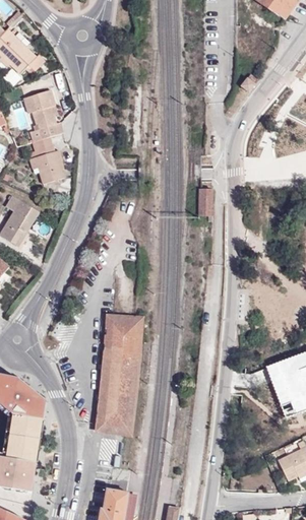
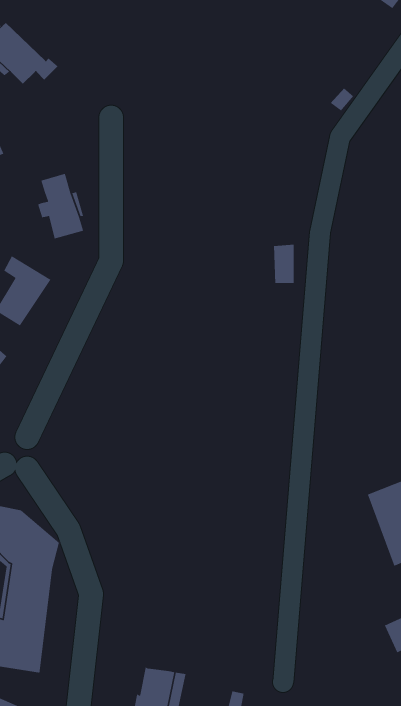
building: [23,89,63,141] -> none
building: [99,316,146,433] -> none

